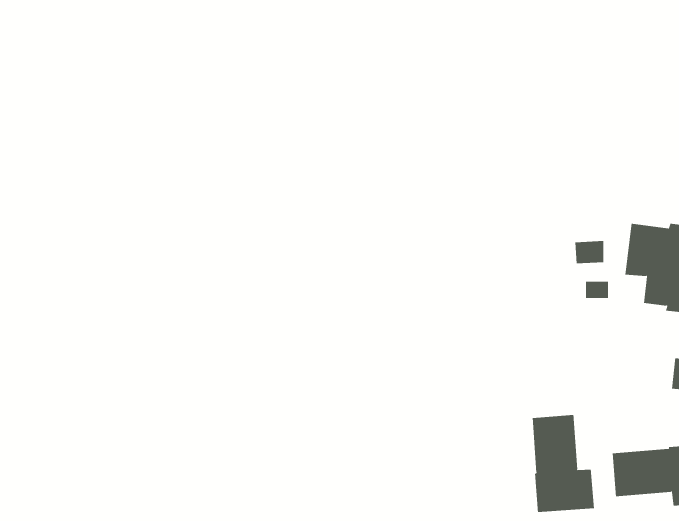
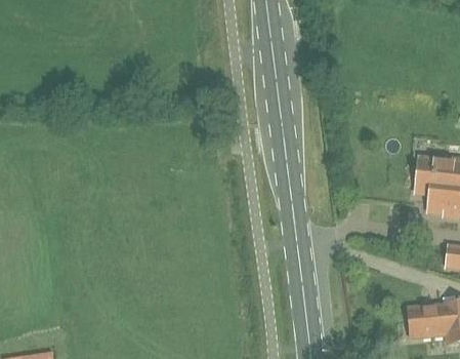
building: [532,414,594,513] -> none

